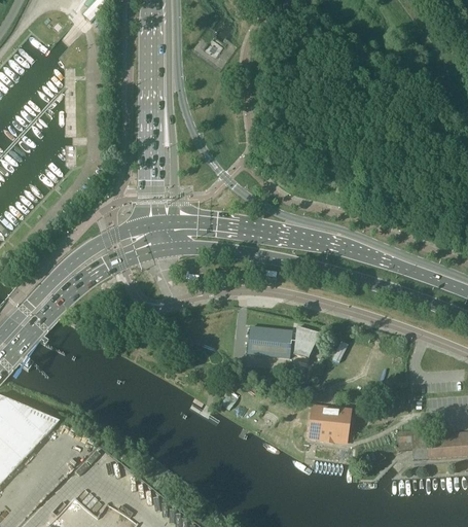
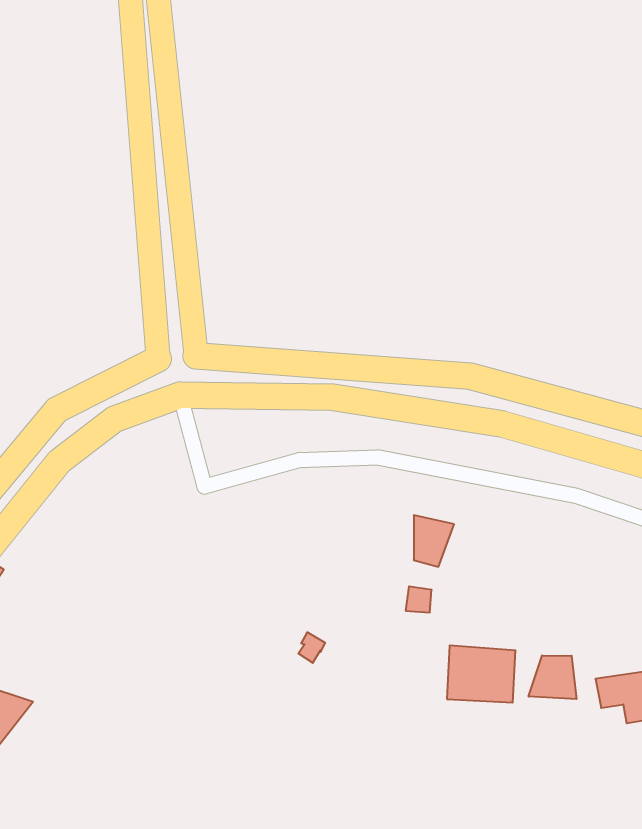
building: [246,327,291,358] -> none
building: none -> [529,655,576,699]

